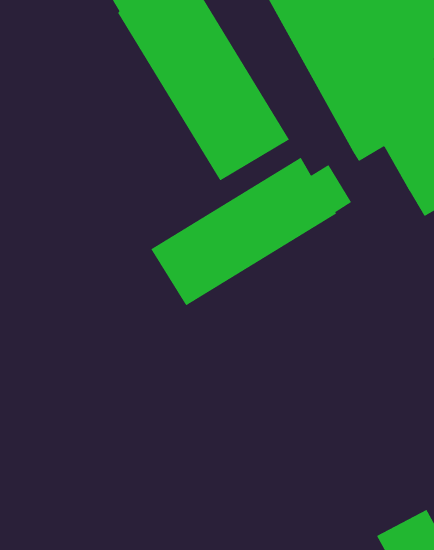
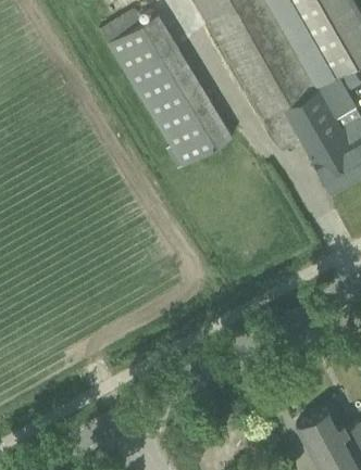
building: [150,157,352,306] -> none

